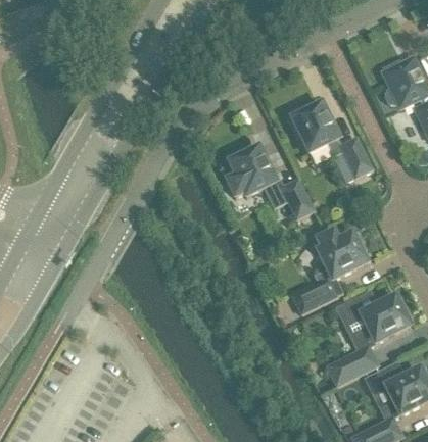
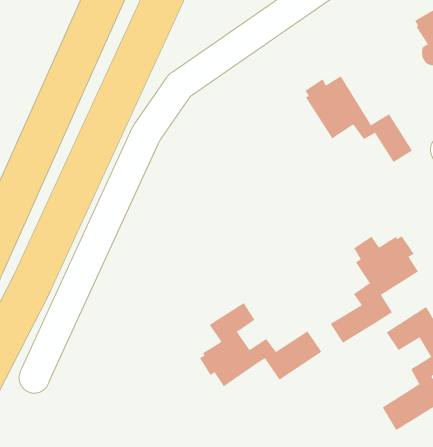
building: [228,147,314,217] -> none
building: none -> [199,302,322,387]

